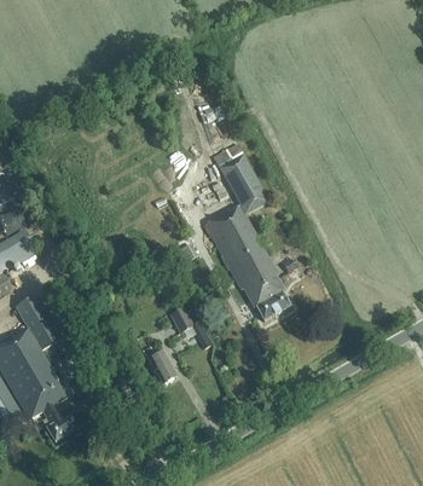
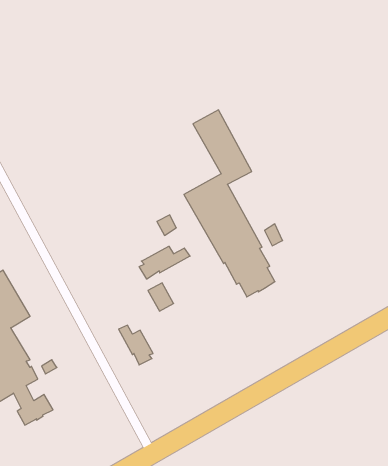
building: none -> [139,246,190,279]

